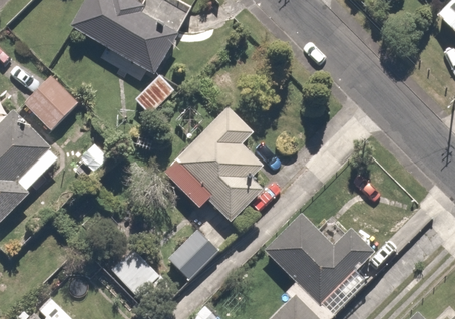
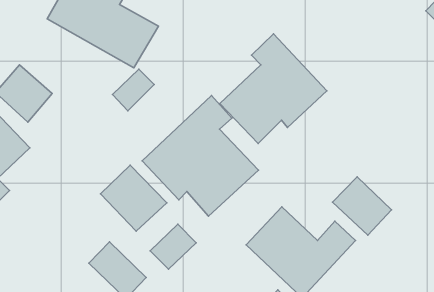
building: none -> [220,34,327,143]
building: none -> [101,165,167,231]
building: none -> [332,177,392,235]

